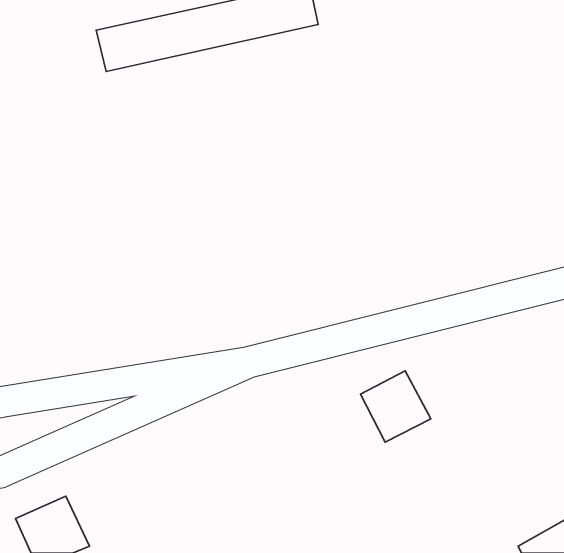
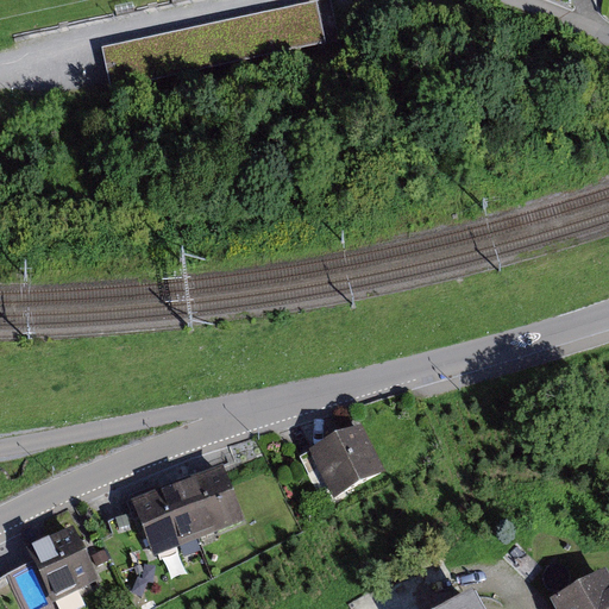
building: [360,371,431,442] -> [308,422,383,498]
building: none -> [133,470,246,555]

